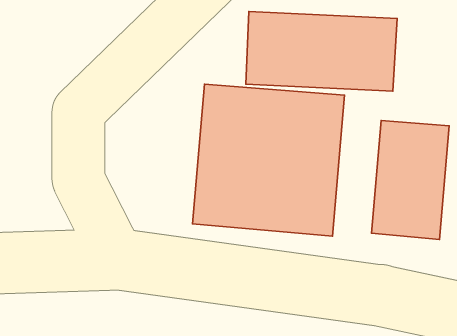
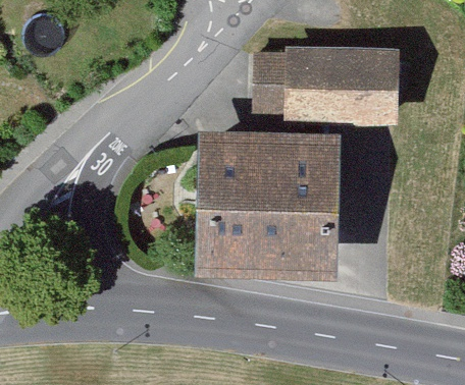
building: [371,120,449,239] -> none

